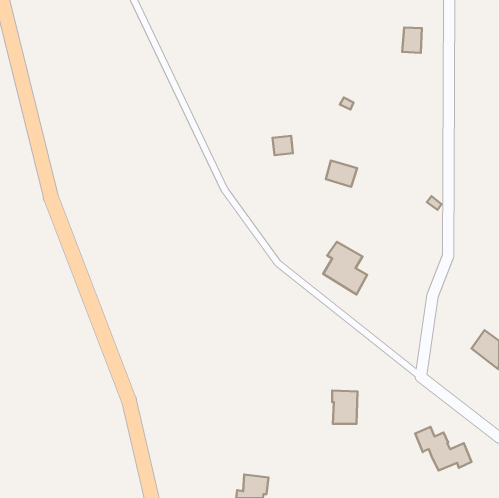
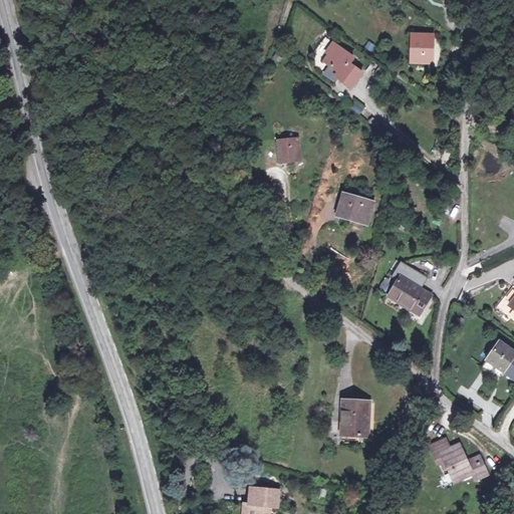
building: none -> [325,38,363,82]
building: [326,160,357,187] -> [340,195,372,222]
building: [323,242,367,294] -> [384,261,430,315]

